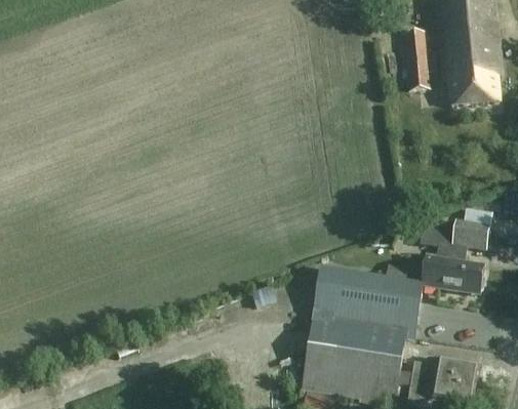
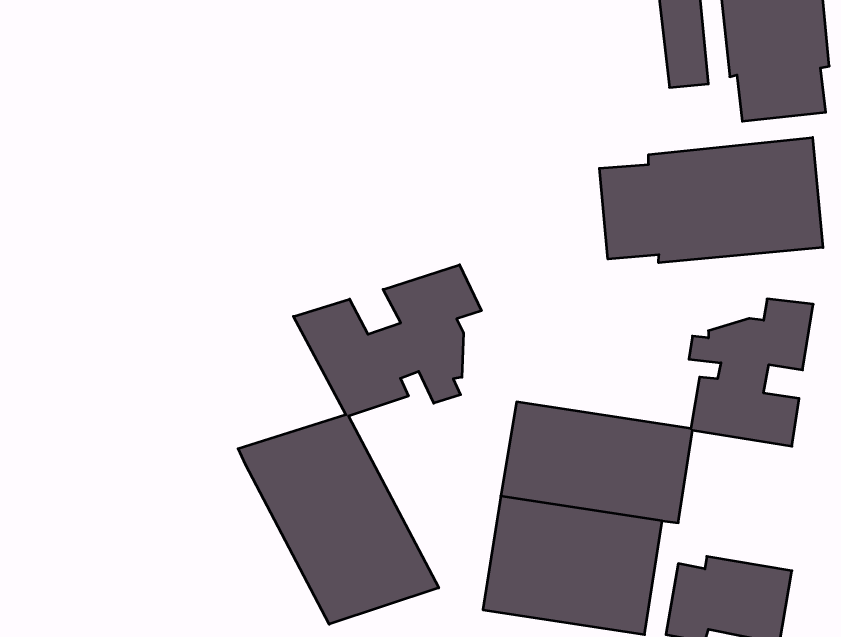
building: none -> [599,137,823,263]
building: none -> [238,265,481,624]

